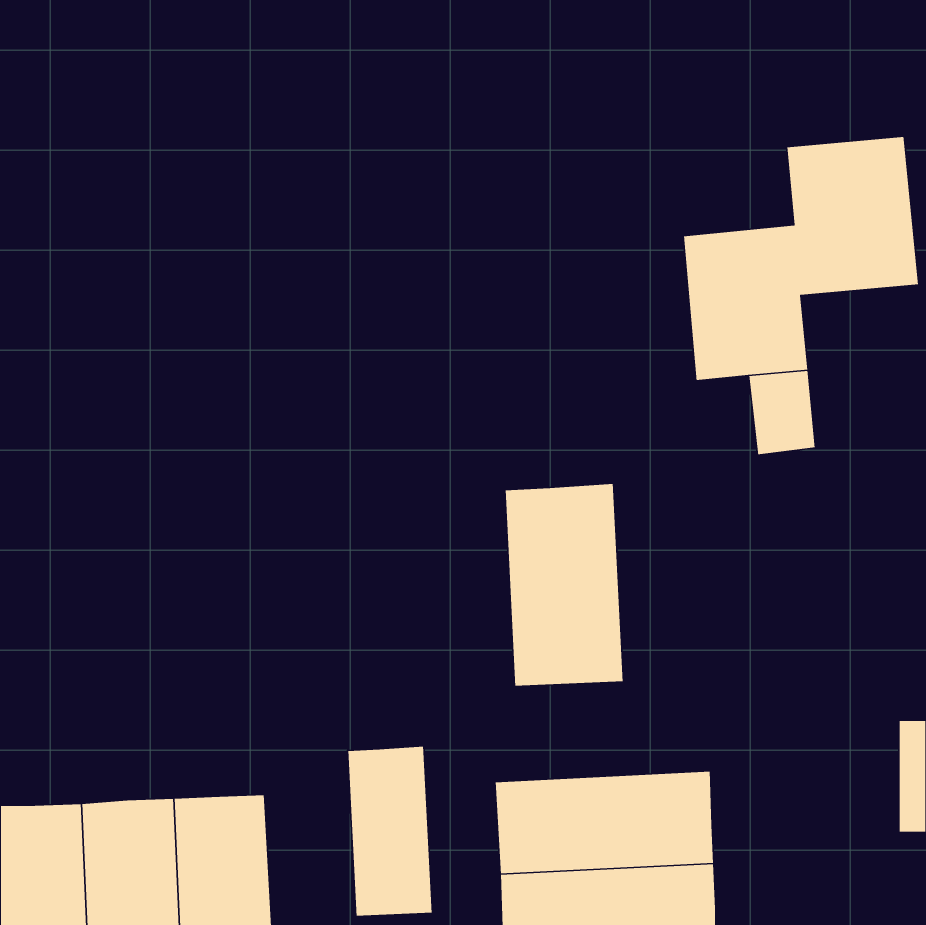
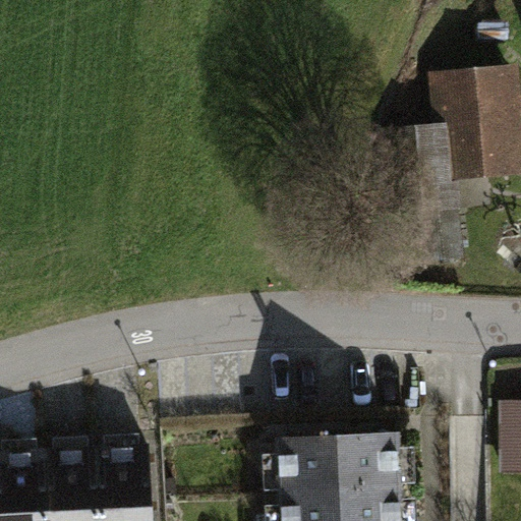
building: [505,483,623,686] -> none
building: [348,746,432,916] -> none

